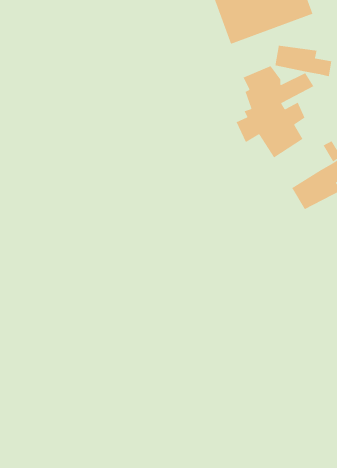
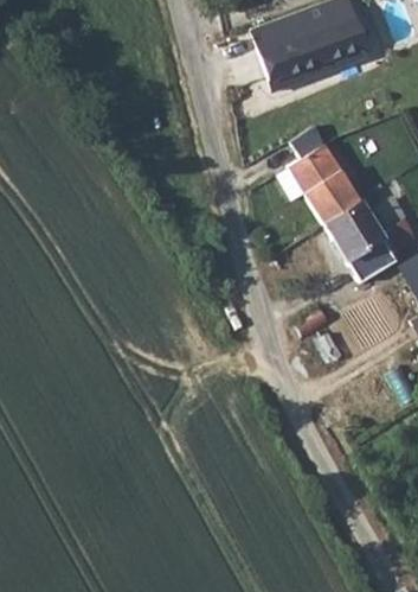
building: [274,45,332,77] -> none
building: none -> [323,196,378,253]

